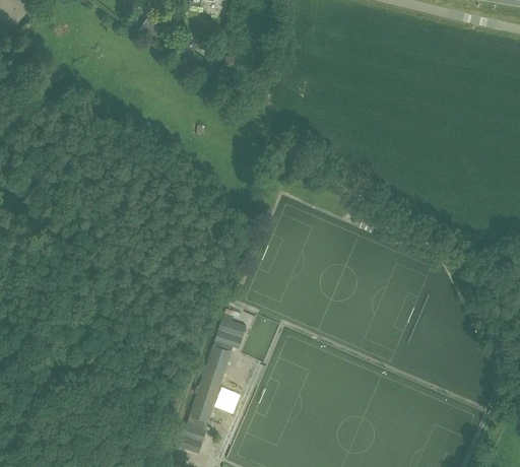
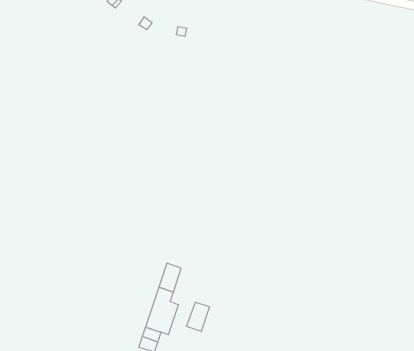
building: [212,318,245,351] -> none
building: none -> [186,302,210,332]

